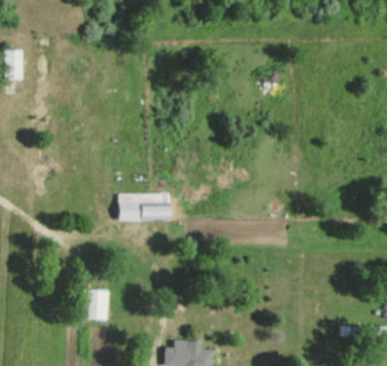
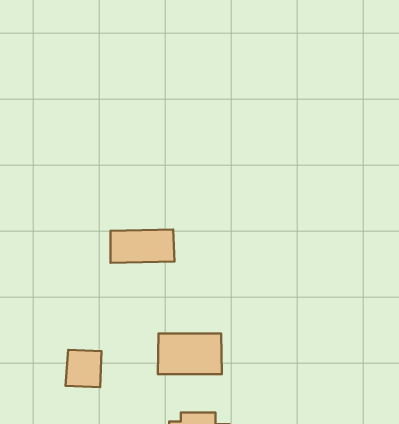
building: none -> [158,333,222,374]

